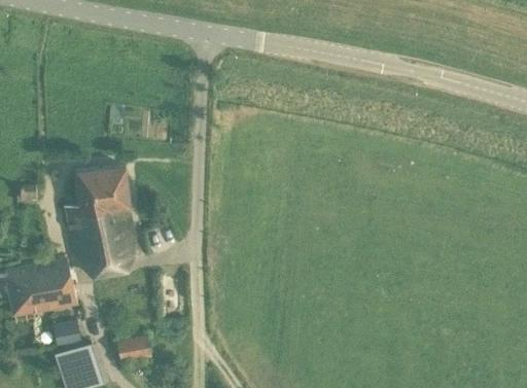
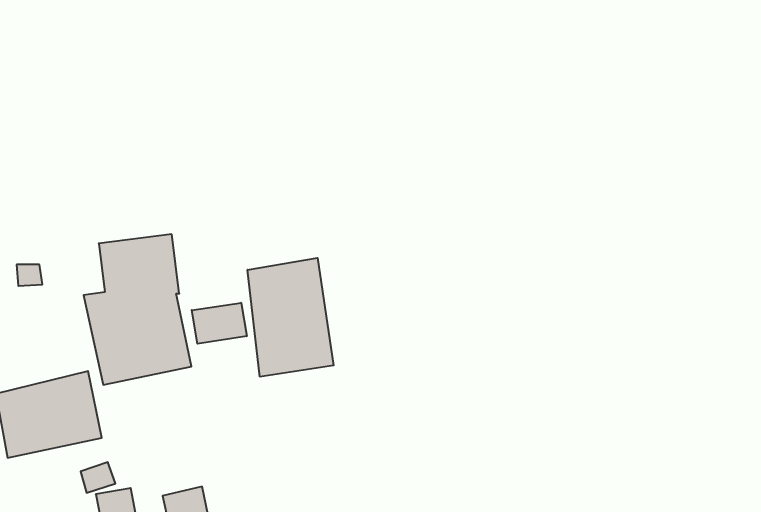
building: none -> [248,258,334,377]
building: none -> [192,303,247,344]

